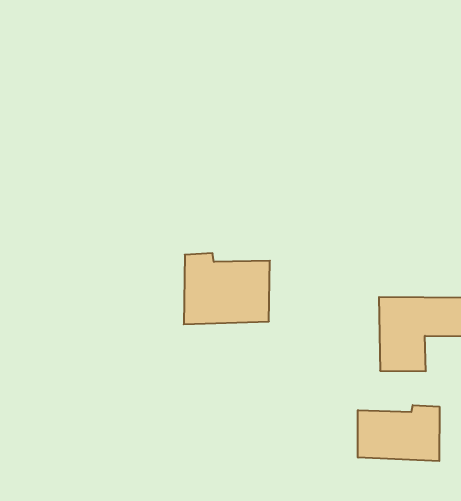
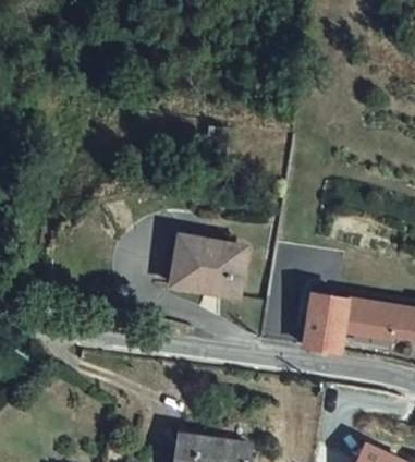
building: [358,405,439,461] -> none

